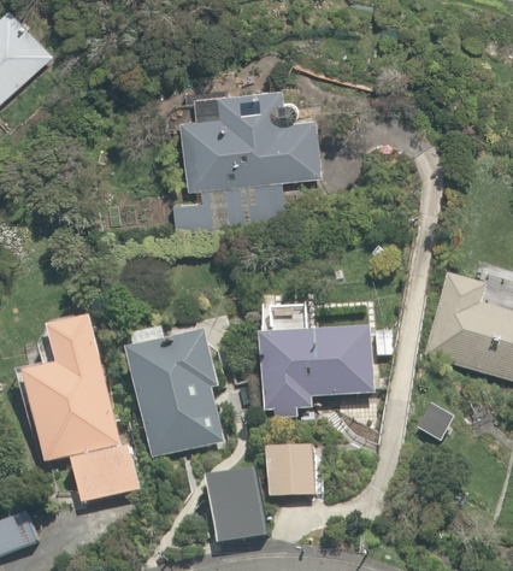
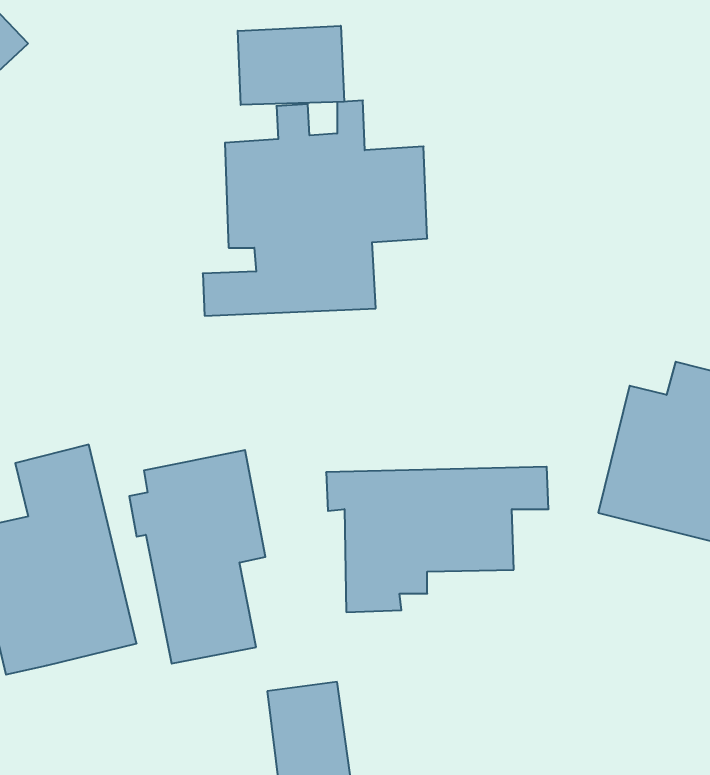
building: none -> [238,26,344,105]
building: [66,443,136,504] -> none
building: [269,449,326,498] -> none

